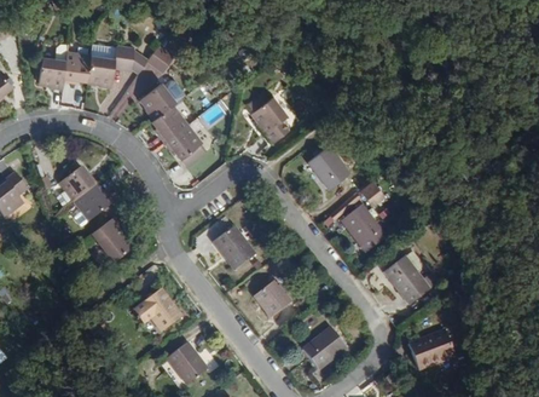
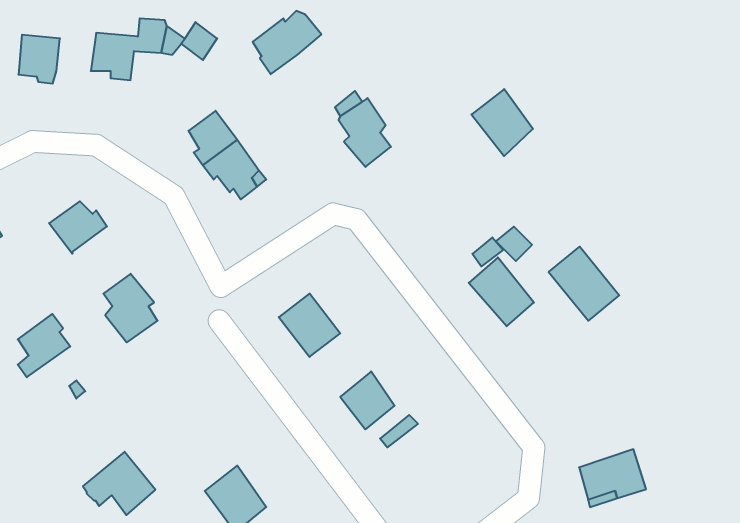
building: [64,51,91,81] -> none
building: [140,76,186,119] -> [253,11,321,74]
building: [308,148,349,192] -> [471,89,533,156]
building: [75,183,110,225] -> [18,314,70,377]
building: [386,255,433,305] -> [549,247,619,321]
building: [132,292,180,334] -> [83,452,155,515]
building: [306,328,350,370] -> none

